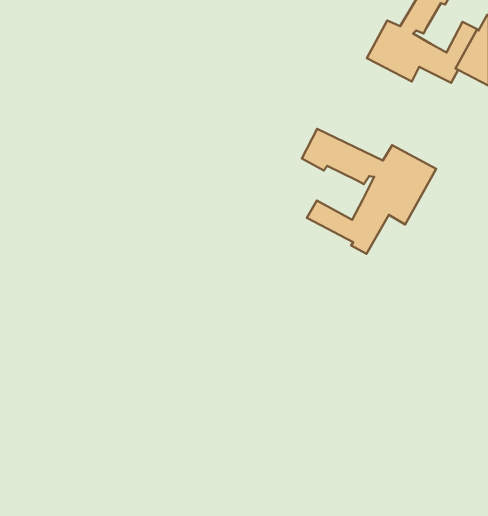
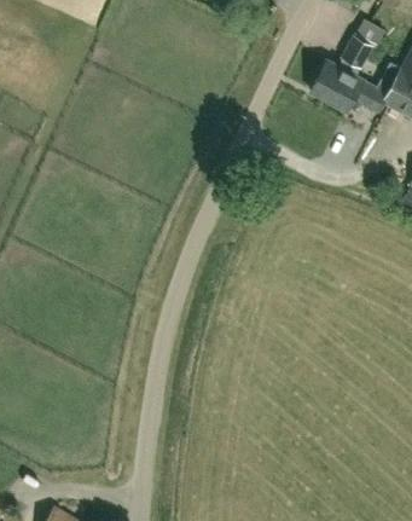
building: [302,129,436,254] -> none

